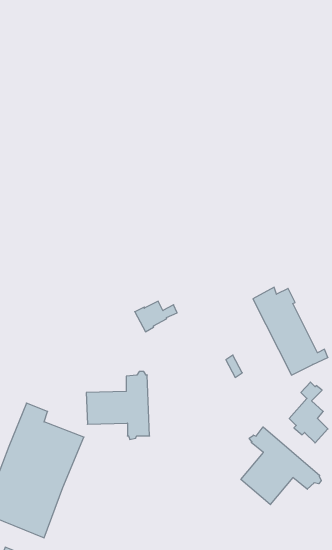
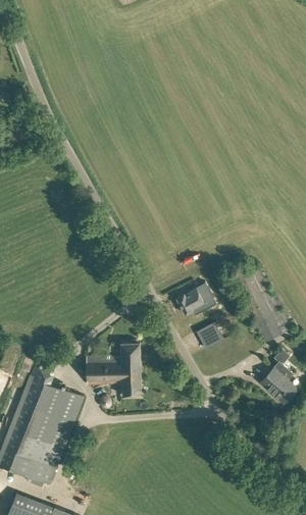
building: [135,301,177,332] -> [175,289,212,315]
building: [241,427,321,505] -> none

